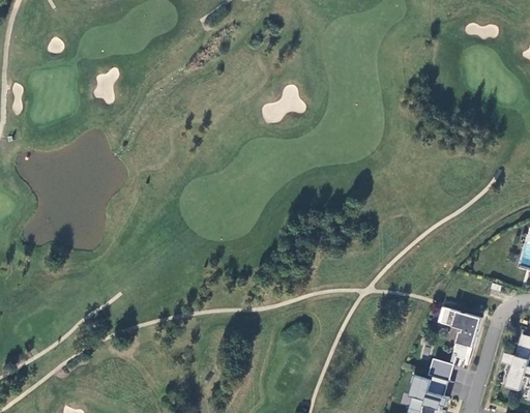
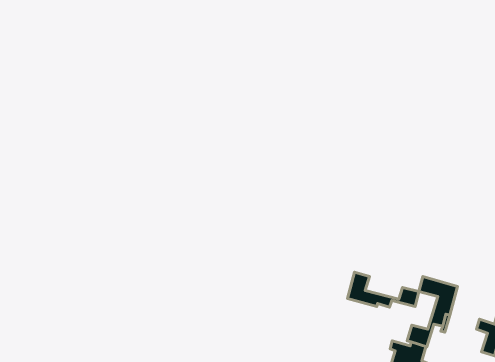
building: none -> [348,272,419,307]

